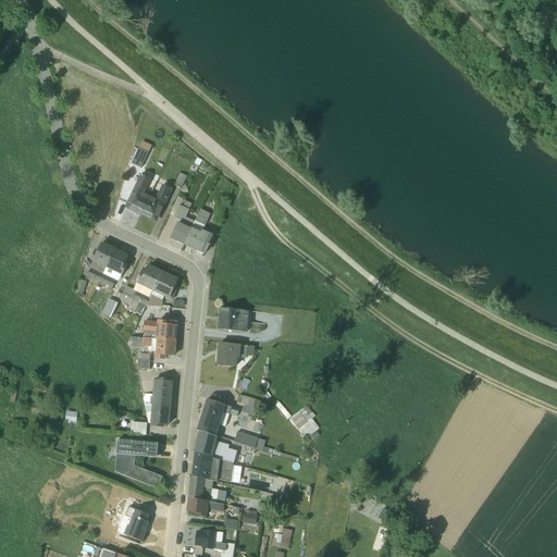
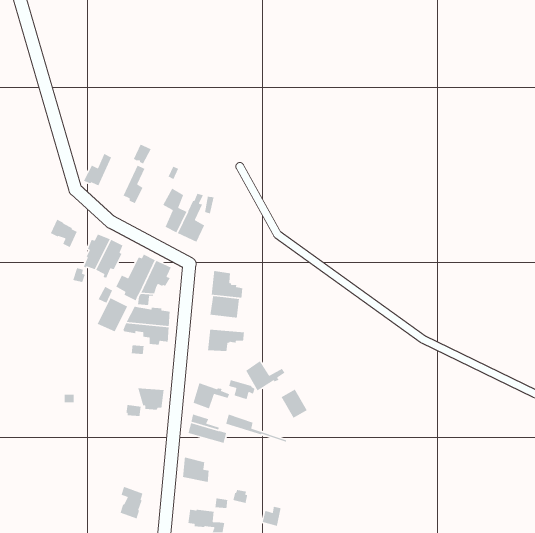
building: [140,183,171,218] -> [83,153,112,186]
building: none -> [50,219,78,248]
building: none -> [211,270,243,299]
building: none -> [97,297,128,332]
building: none -> [245,360,286,392]
building: [141,376,174,405] -> none
building: [114,437,163,487] -> none
building: [191,450,233,481] -> none
building: [187,496,224,515] -> none

